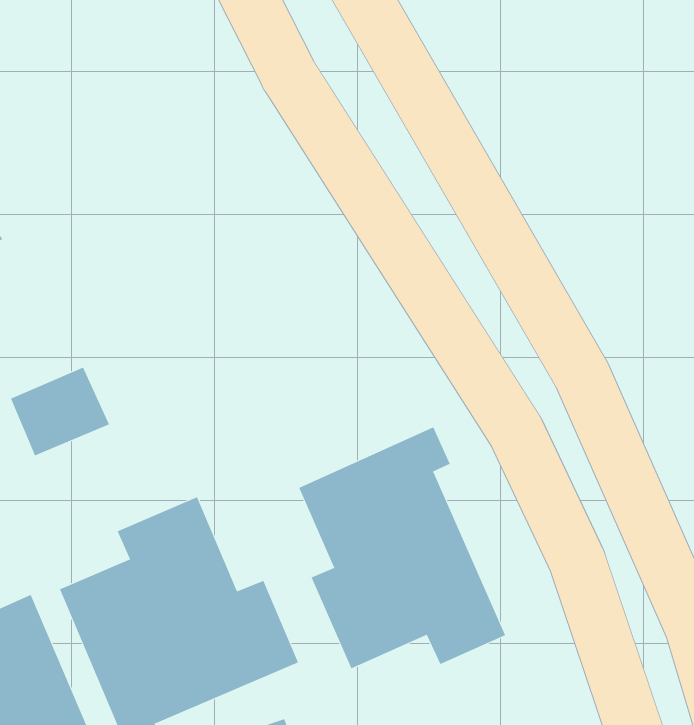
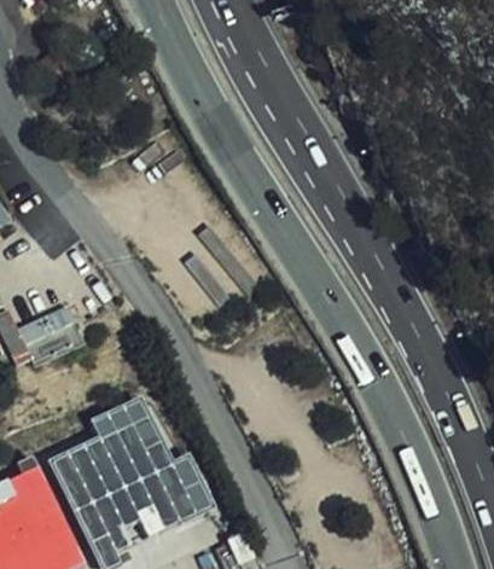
building: [298,427,506,669] -> none

